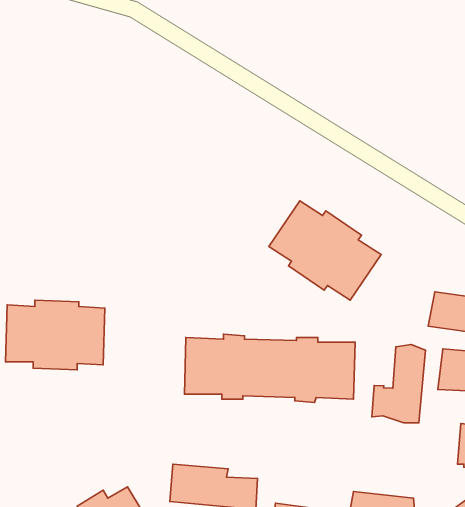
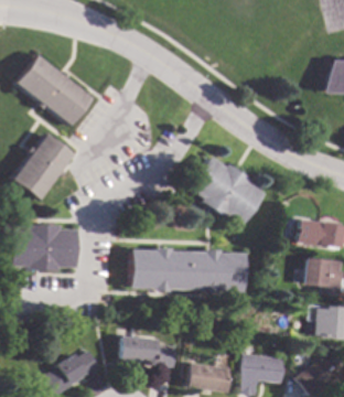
building: none -> [15,54,93,127]
building: none -> [11,132,75,202]
building: [372,345,425,423] -> none

